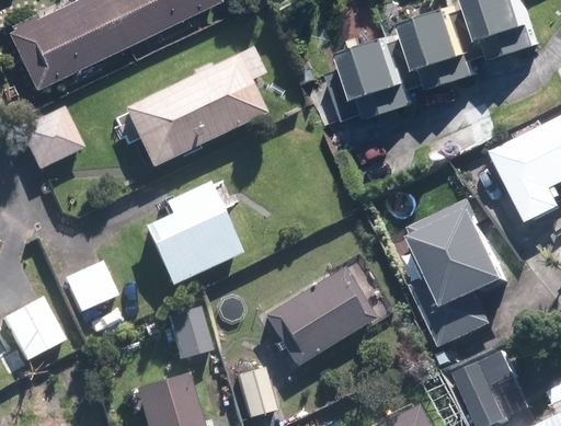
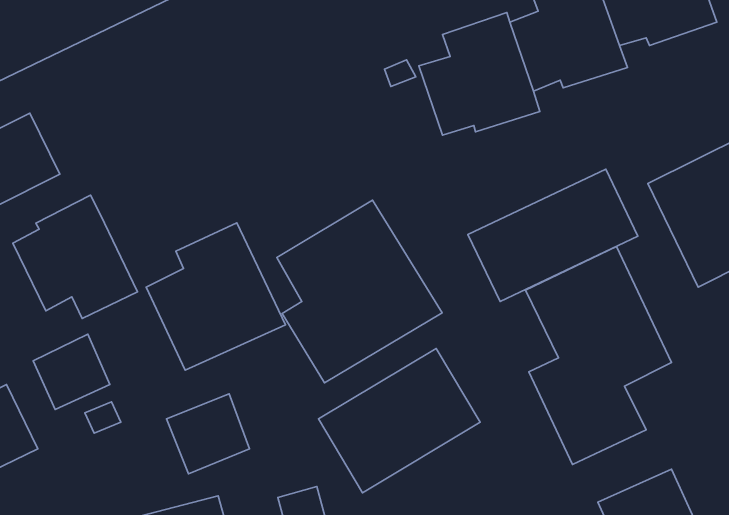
building: [118,50,262,173] -> none
building: none -> [468,169,638,301]
building: none -> [13,195,138,319]
building: none -> [277,200,442,383]

